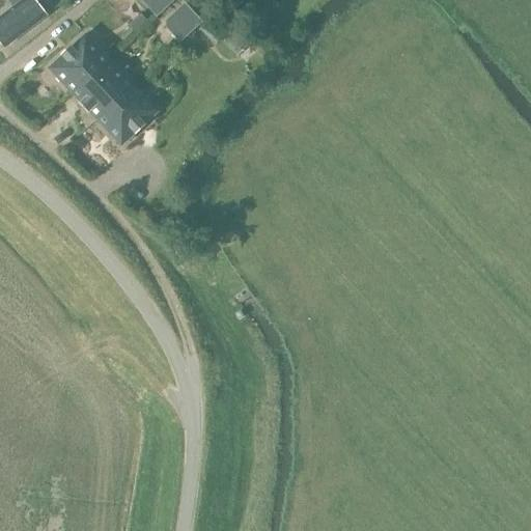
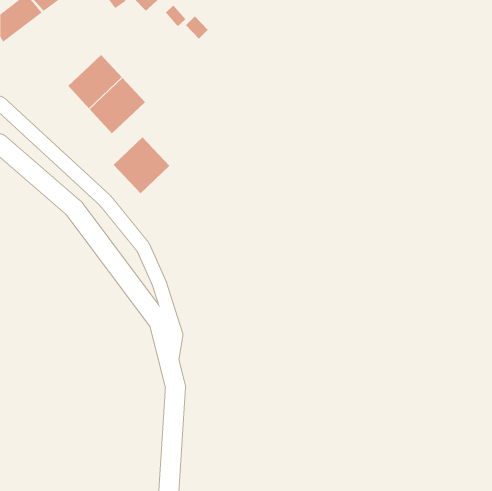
building: [48,32,109,92] -> none
building: none -> [113,136,170,194]

